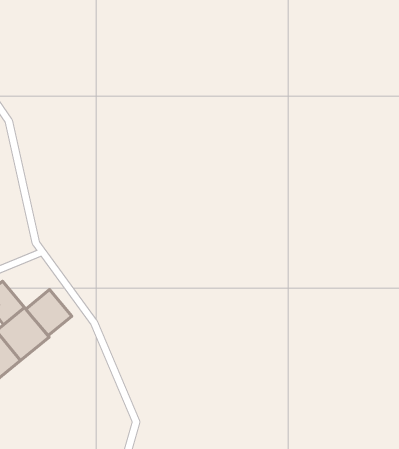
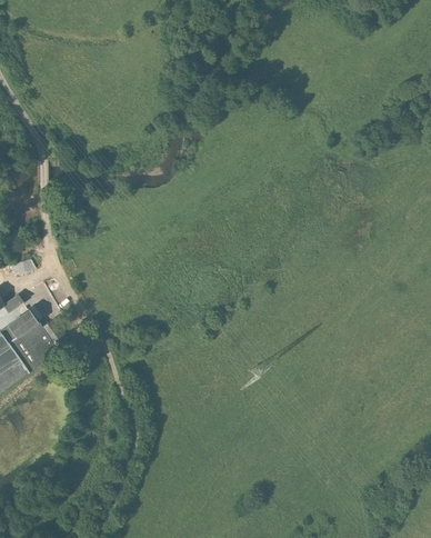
building: [26,290,72,336] -> none

